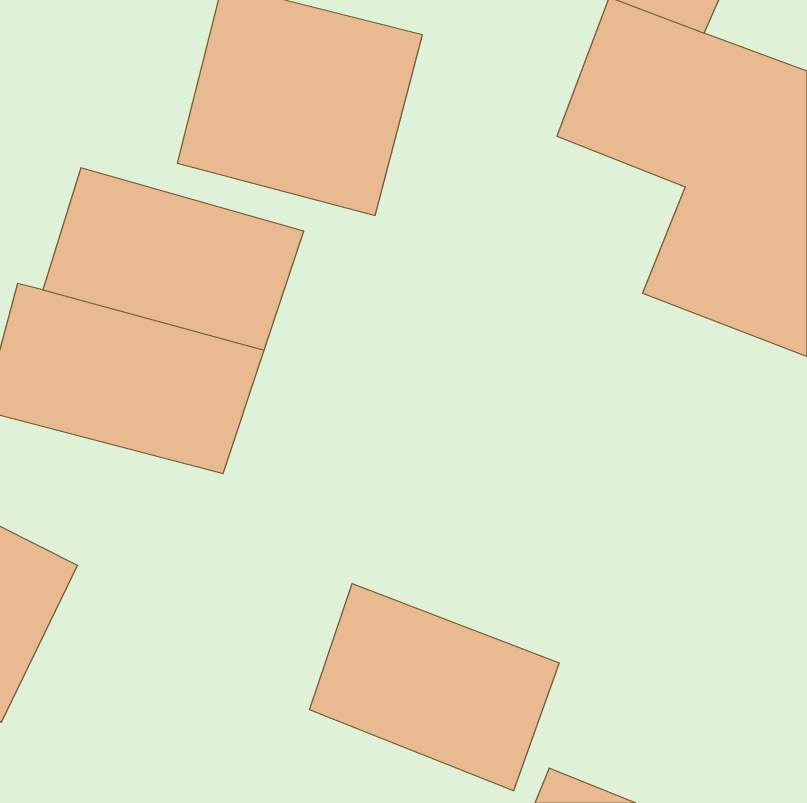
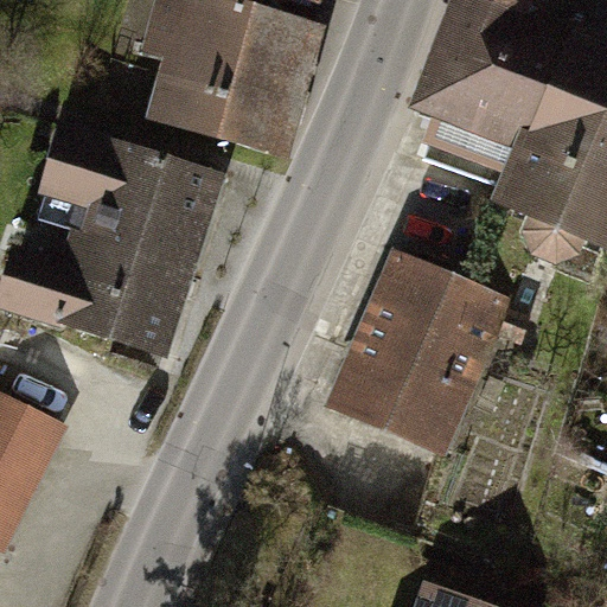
building: none -> [328,242,519,452]
building: [310,583,559,791] -> none

